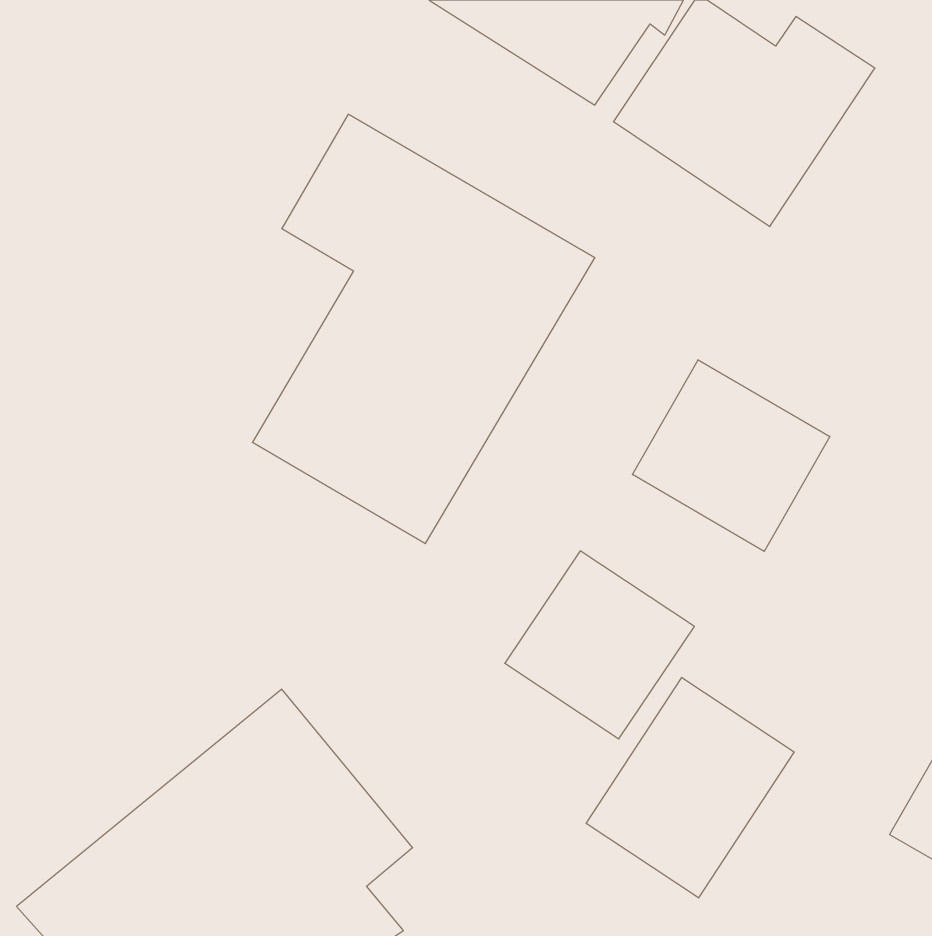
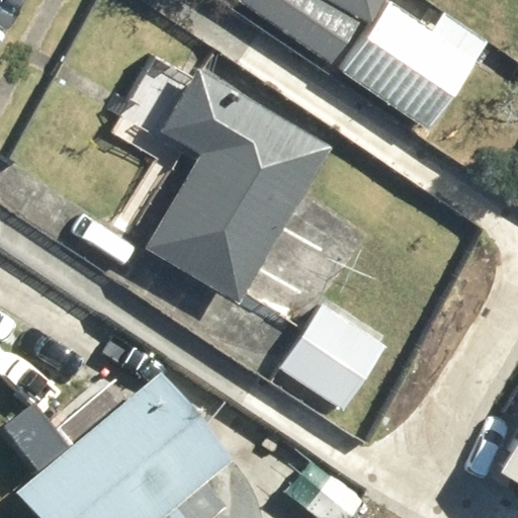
building: [632,360,830,551] -> none
building: [586,677,794,898] -> none

